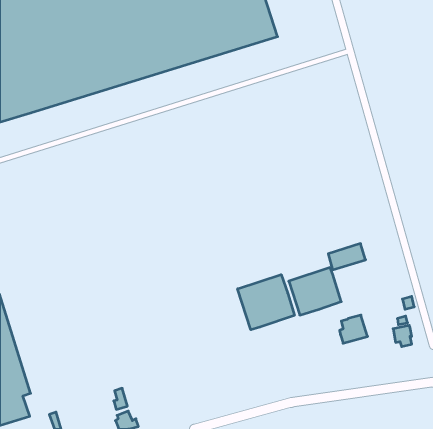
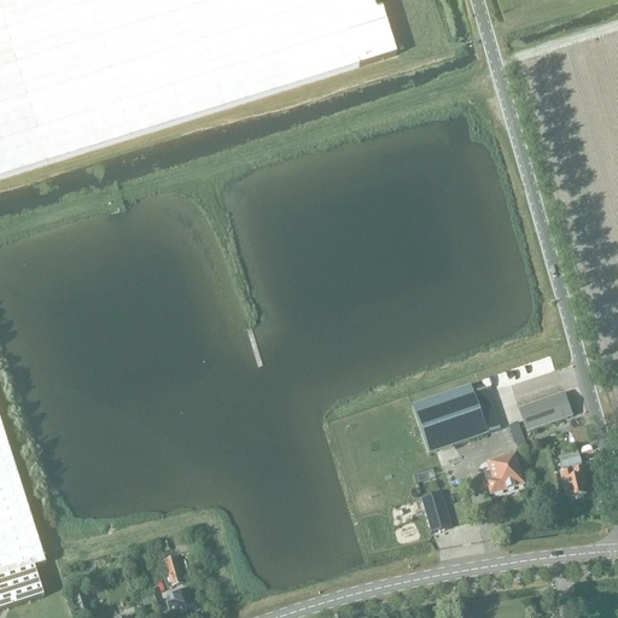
building: [328,244,366,270] -> [518,389,571,426]
building: [238,275,294,330] -> none
building: none -> [419,486,449,527]

